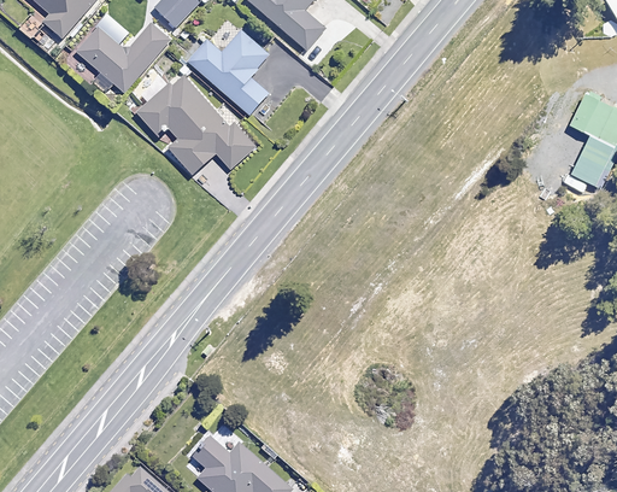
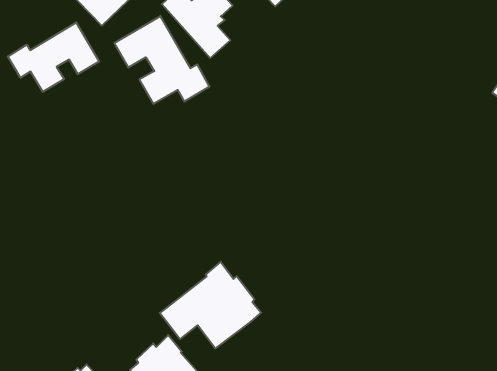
building: none -> [8,22,99,92]
building: none -> [160,262,261,348]

